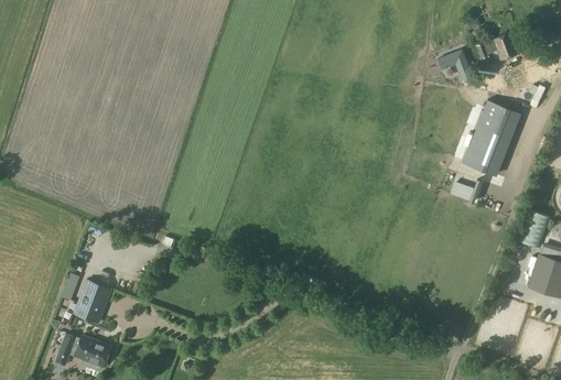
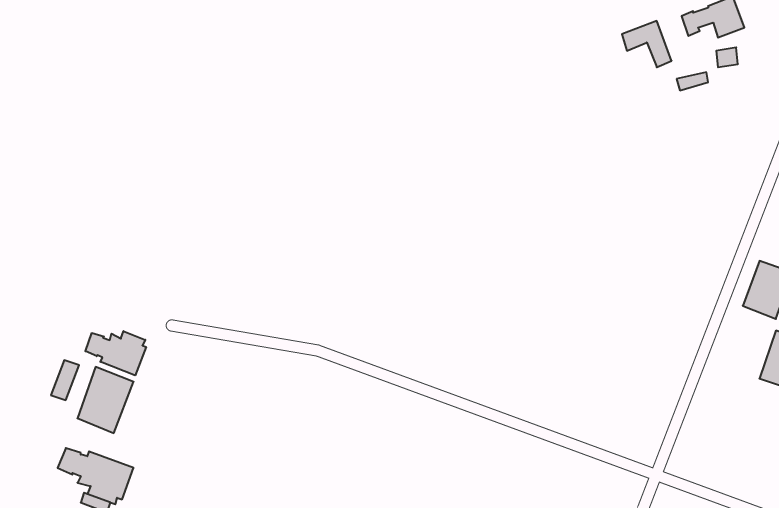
building: [463,101,518,175] -> none
building: none -> [85,331,146,375]

